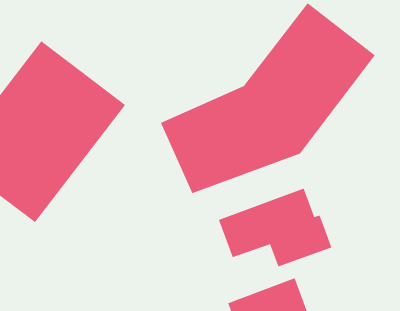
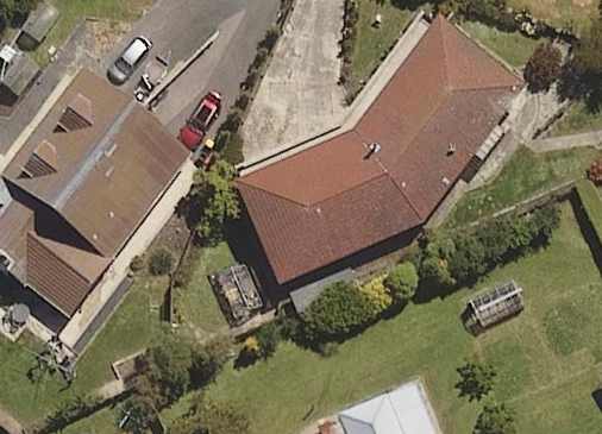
building: [218,188,332,268] -> none

